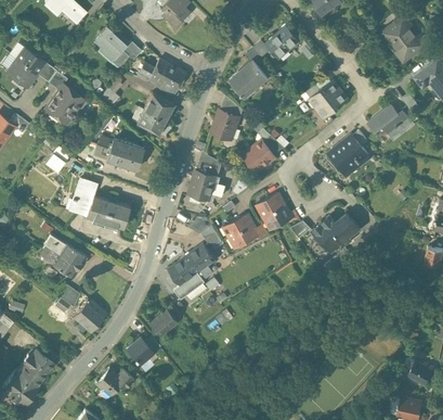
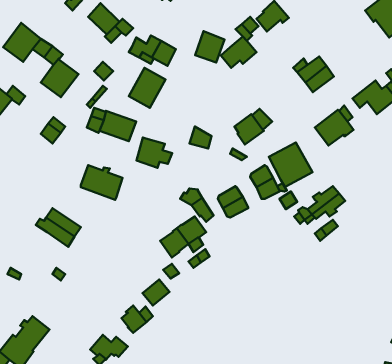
building: [210,109,240,141] -> [195,31,224,63]
building: [188,170,225,202] -> [137,138,172,168]
building: none -> [269,142,313,188]
building: [68,177,94,215] -> none
building: [73,302,104,334] -> none

